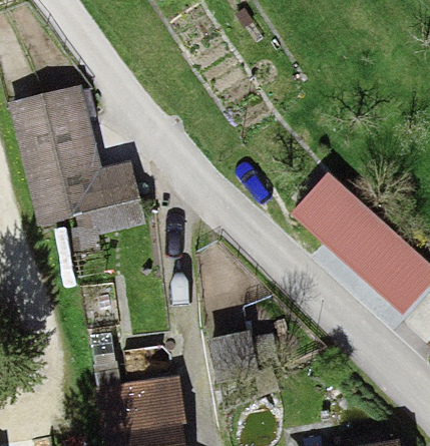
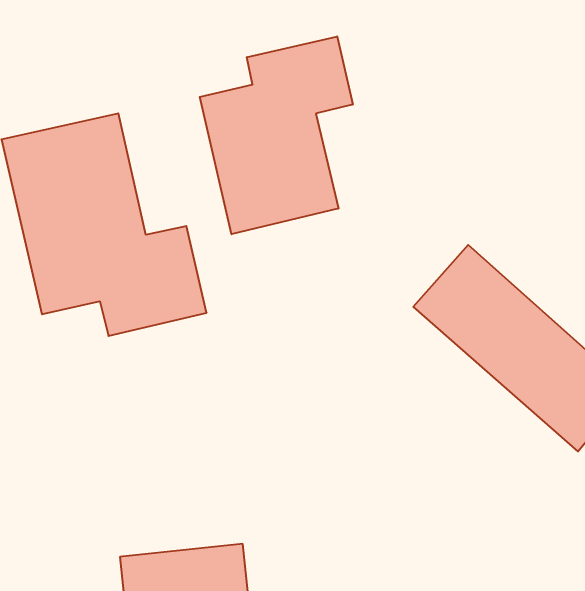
building: none -> [200,36,353,234]

